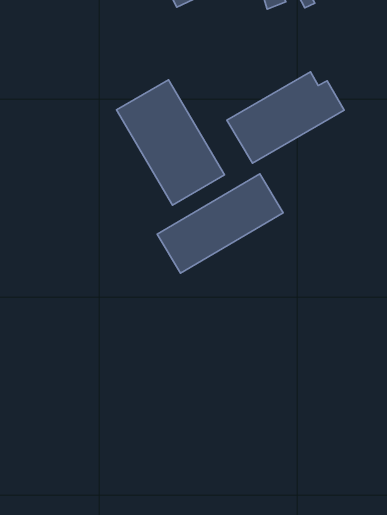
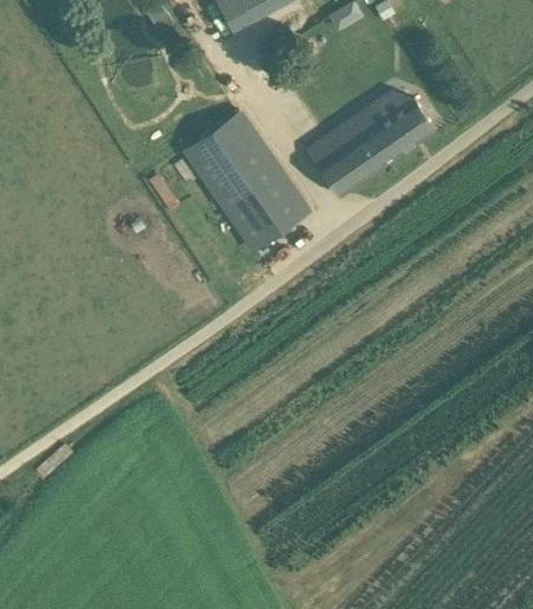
building: [157,174,283,273] -> none

